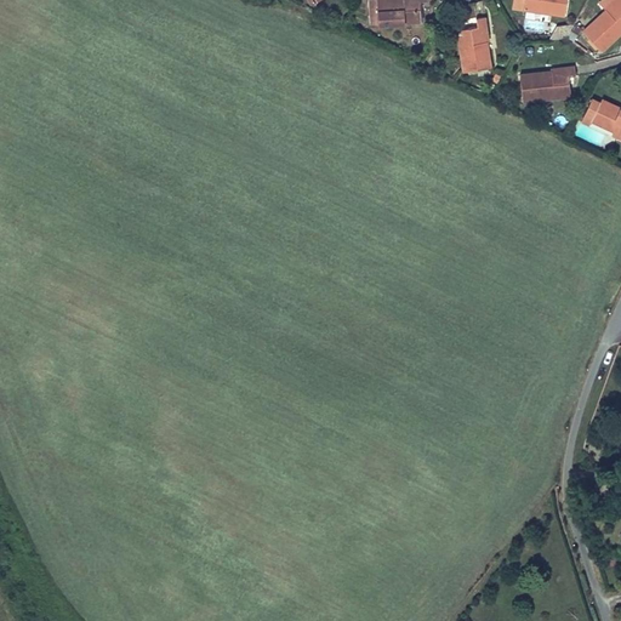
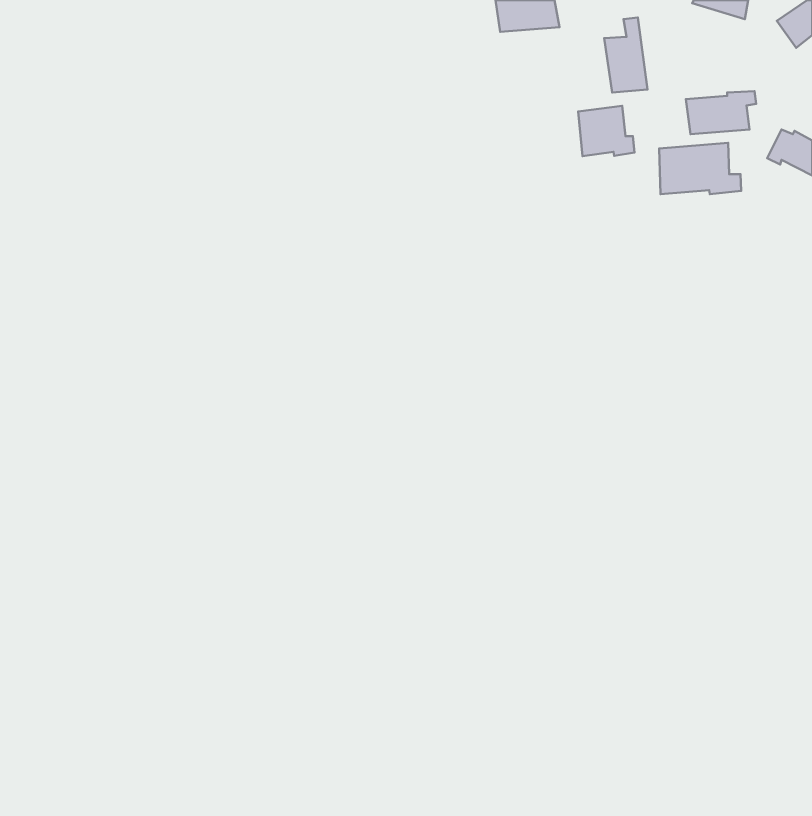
building: none -> [578,106,635,156]
building: none -> [659,143,741,194]

